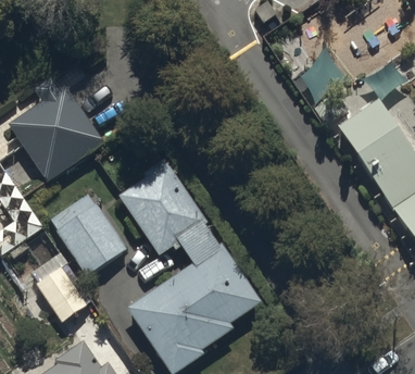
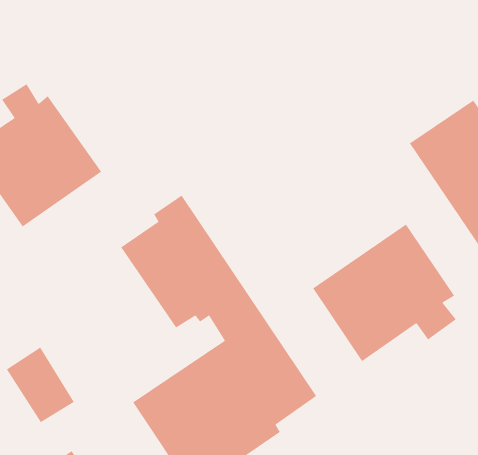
building: none -> [312,224,457,362]
building: [49,191,126,288] -> none

